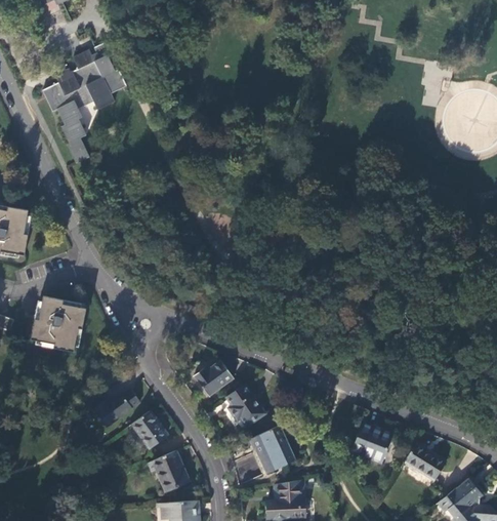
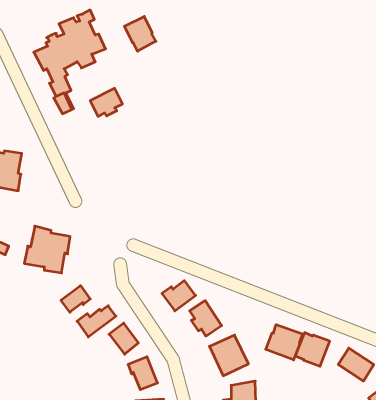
building: none -> [124,16,156,51]
building: none -> [90,88,122,116]
building: none -> [61,286,90,312]
building: none -> [266,325,302,360]

